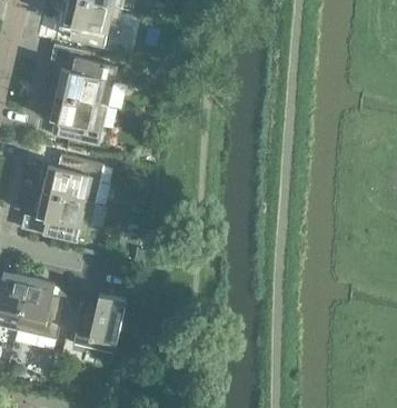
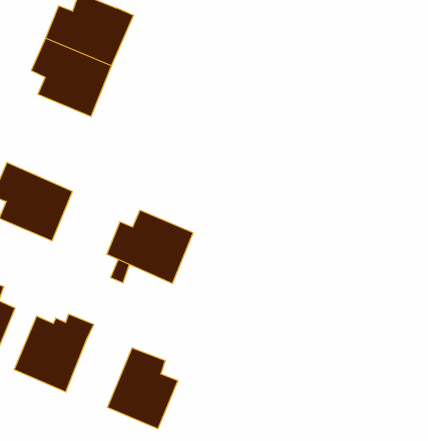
building: [40,153,101,203] -> [107,210,193,283]
building: none -> [108,348,178,429]

